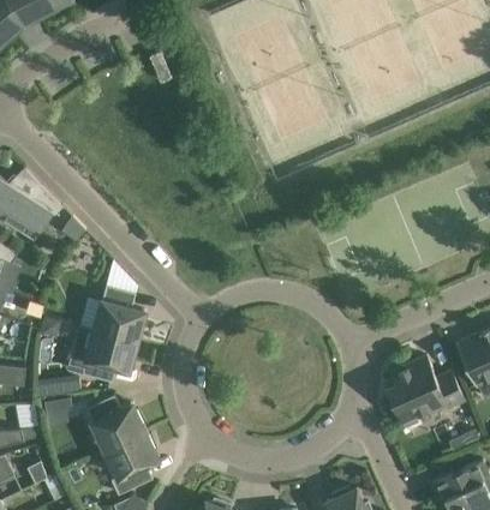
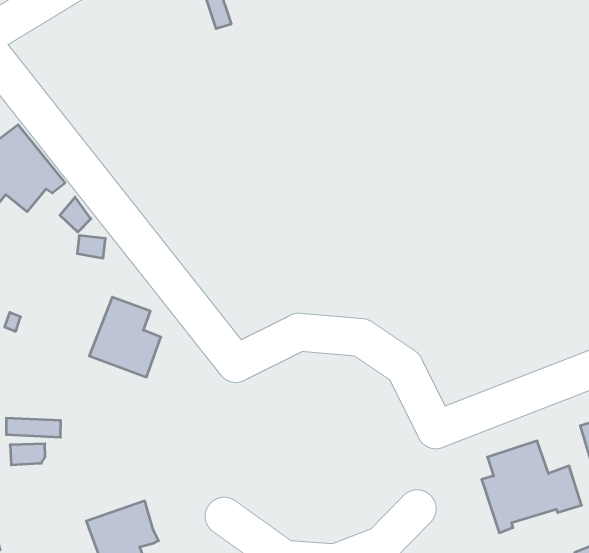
building: [70,326,138,383] -> none
building: [86,396,147,451] -> none

